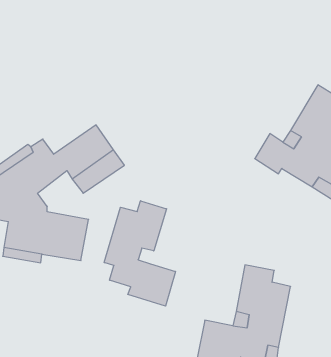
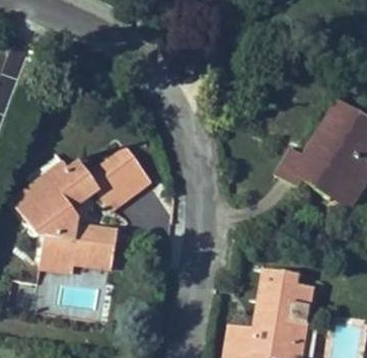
building: [104,201,175,306] -> none

